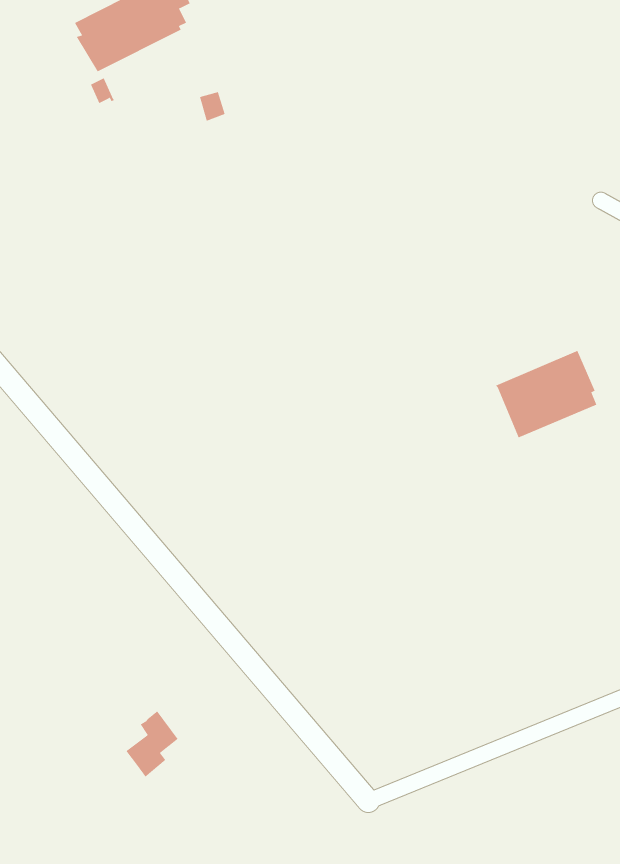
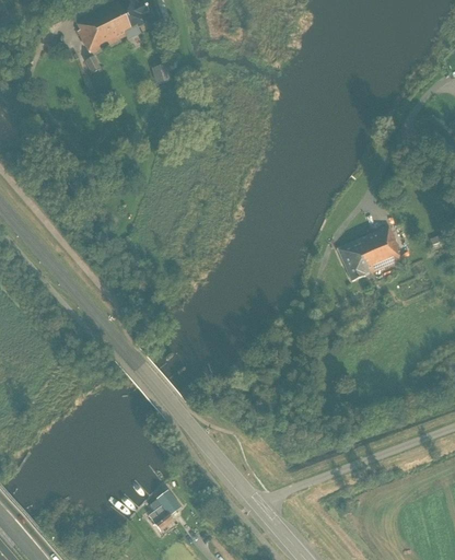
building: [126,711,179,777] -> [148,489,180,530]

